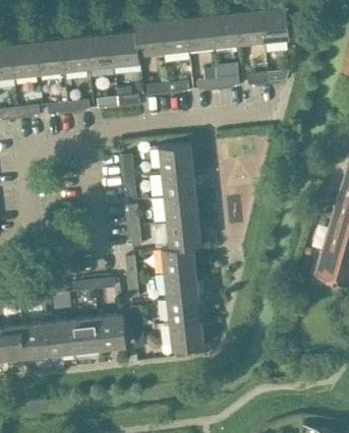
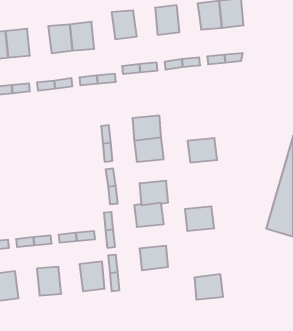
building: [211,13,239,47] -> none
building: [160,18,188,52] -> none
building: [111,32,139,66] -> none
building: [36,40,64,74] -> none
building: [164,195,198,224] -> [188,138,217,162]
building: [164,271,198,300] -> [185,207,214,231]
building: [72,318,101,353] -> none
building: [170,321,203,351] -> [194,274,223,299]
building: [21,323,50,358] -> none

